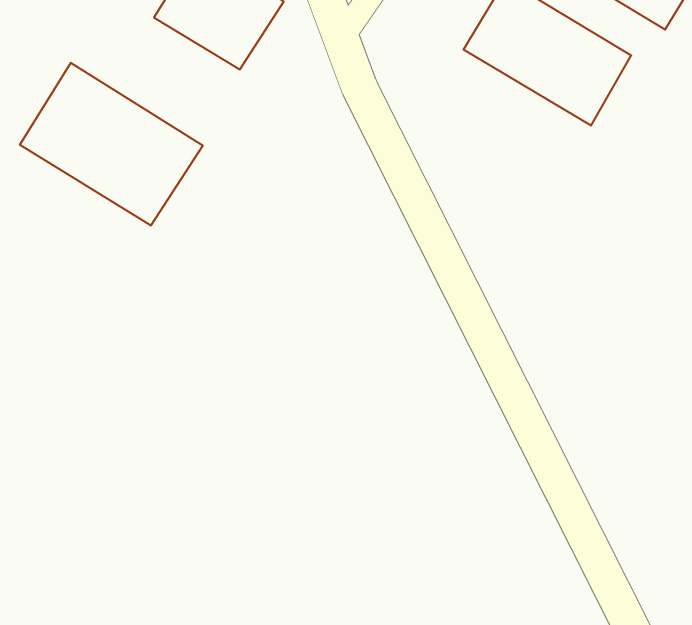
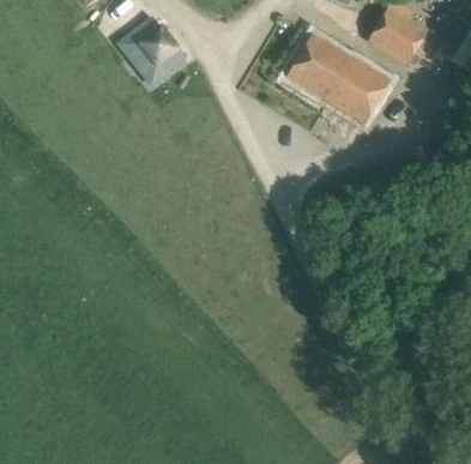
building: [20,63,203,226] -> none

